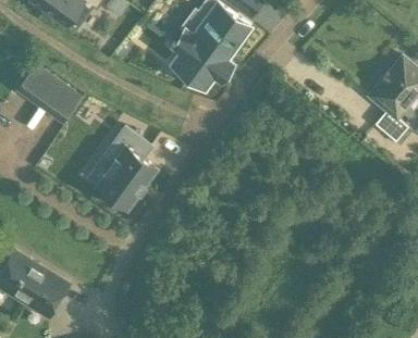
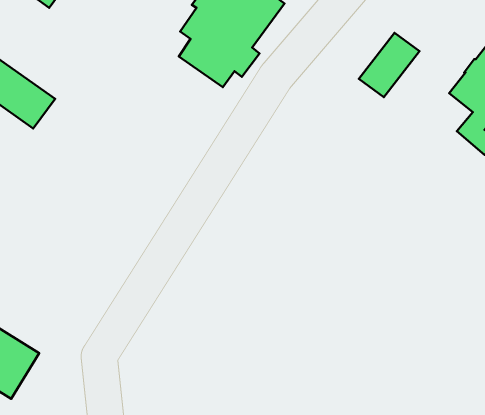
building: none -> [359,33,419,97]
building: [95,126,152,209] -> none

